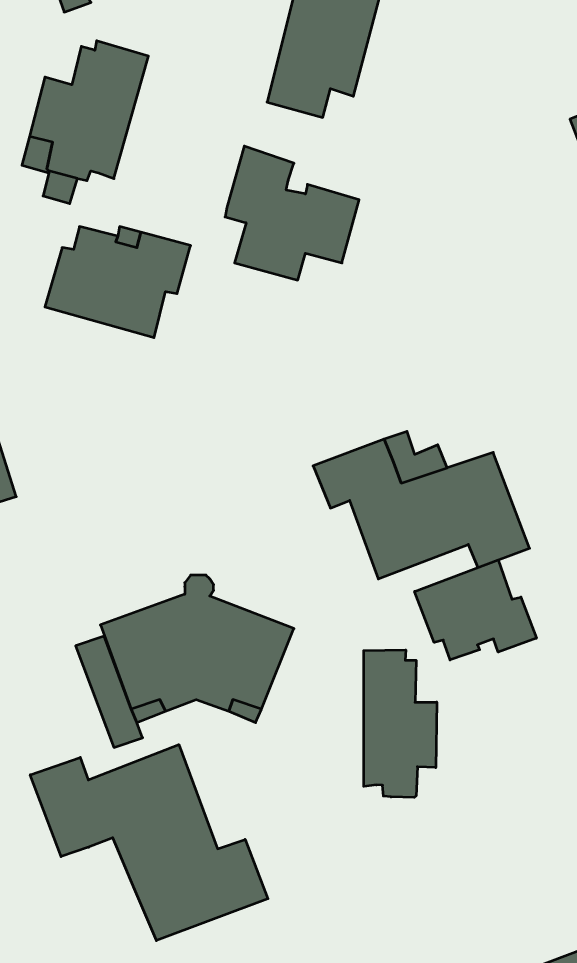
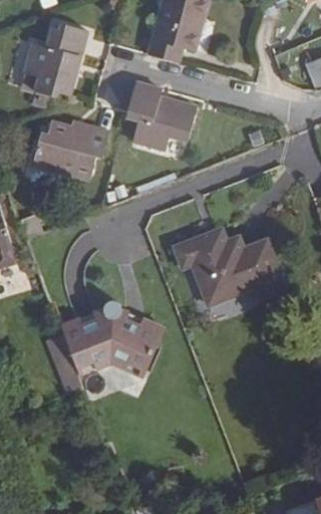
building: [415,560,536,660] -> none
building: [364,650,437,797] -> none
building: [30,745,268,941] -> none

